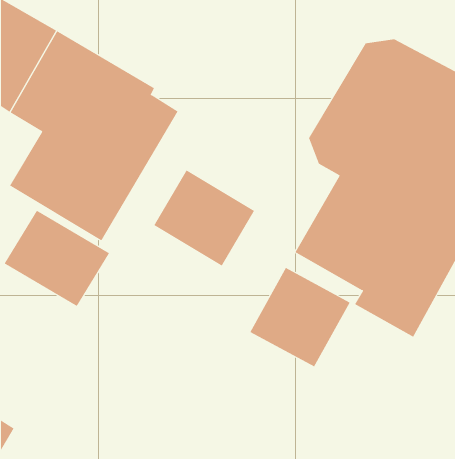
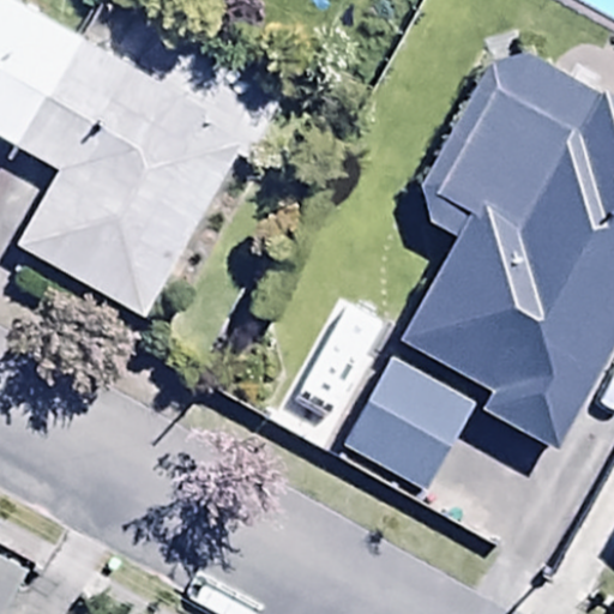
building: [154,170,255,266] -> none
building: [4,210,110,307] -> none

